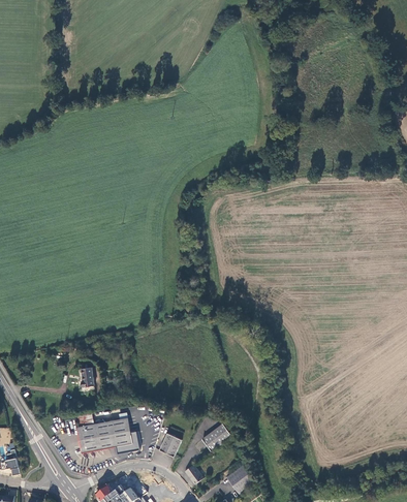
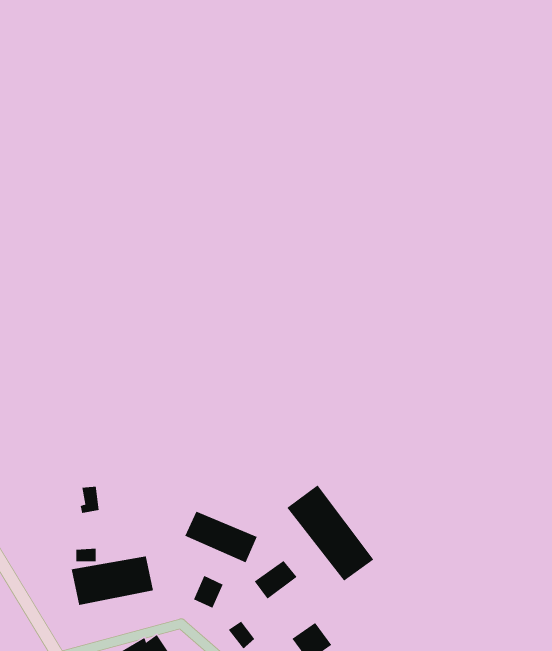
building: none -> [286,485,374,582]
building: none -> [184,511,258,563]

